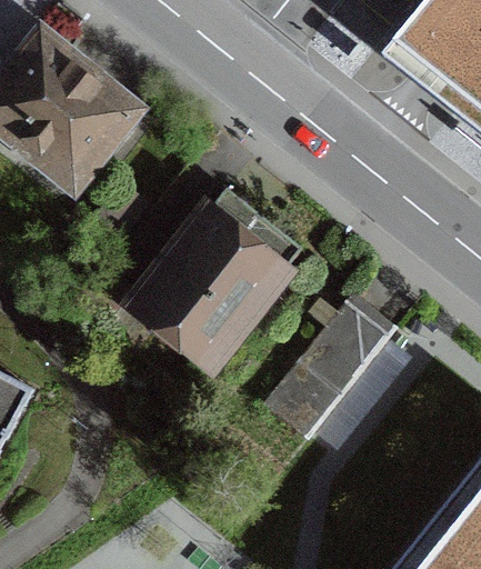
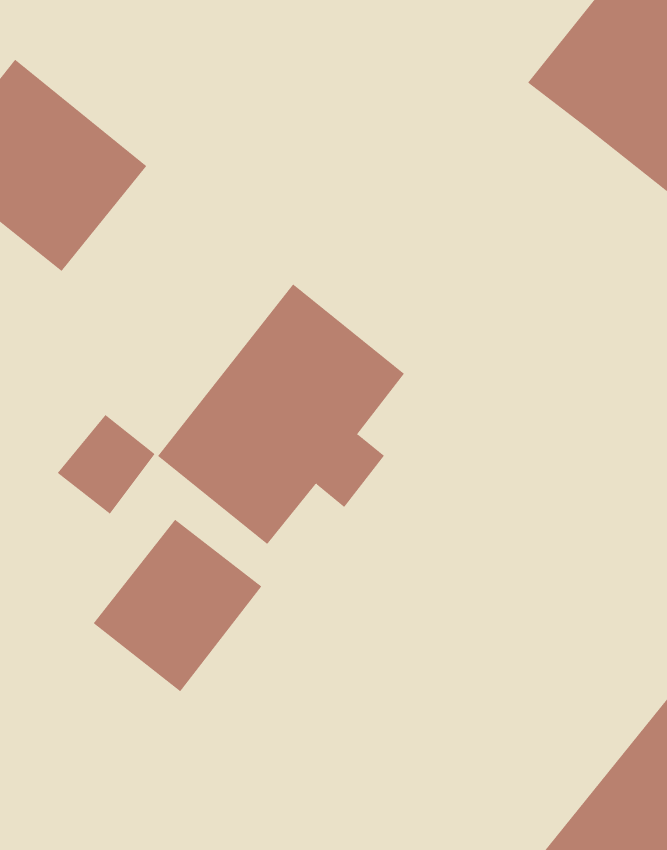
building: [267,307,384,436] -> none
building: none -> [93,519,262,692]

